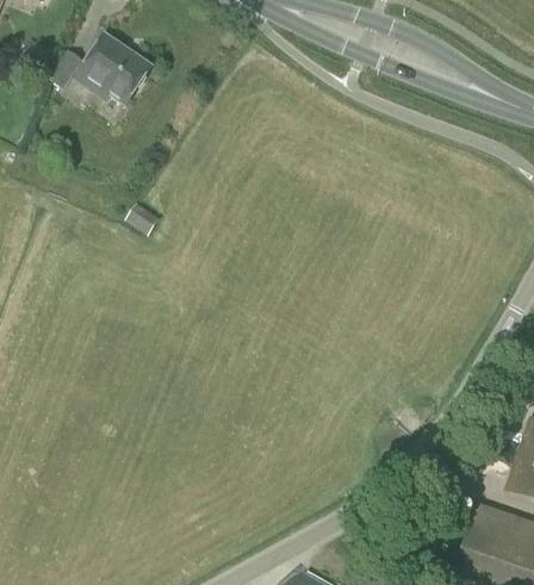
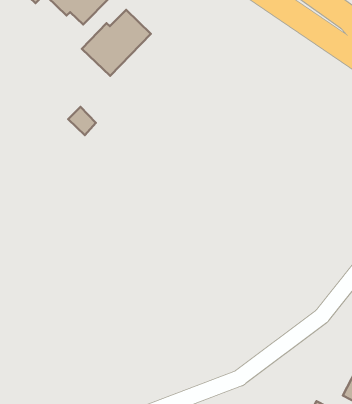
building: none -> [82,10,151,76]

